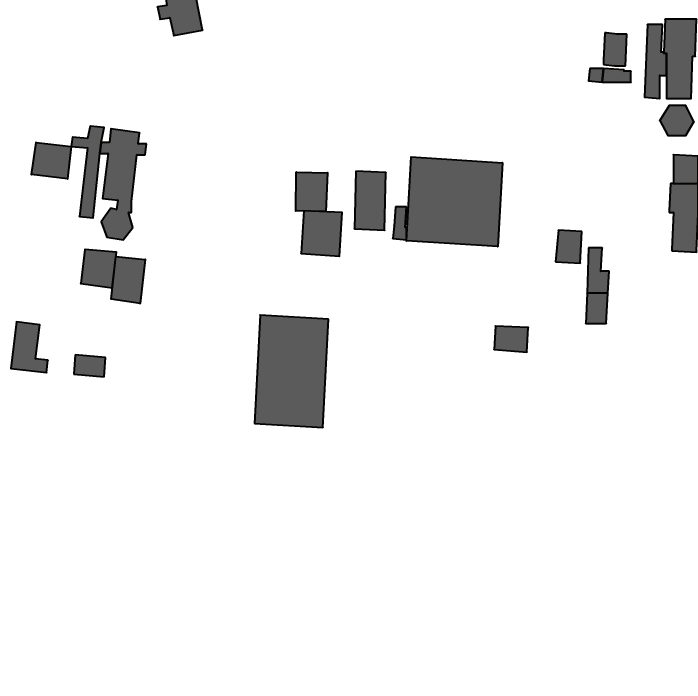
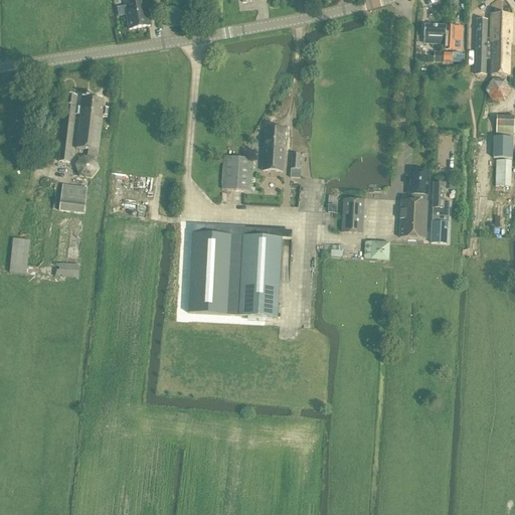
building: none -> [422,23,445,44]
building: [31,142,71,179] -> none
building: [406,157,502,247] -> none
building: [296,172,328,211] -> none
building: [111,257,145,304] -> none
building: none -> [341,198,363,231]
building: none -> [398,199,426,236]
building: none -> [237,234,281,316]

